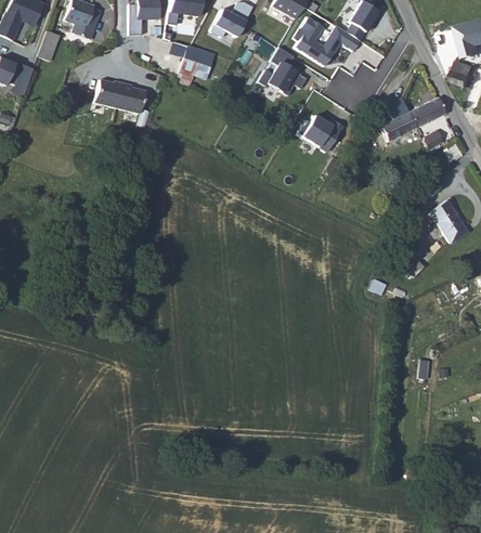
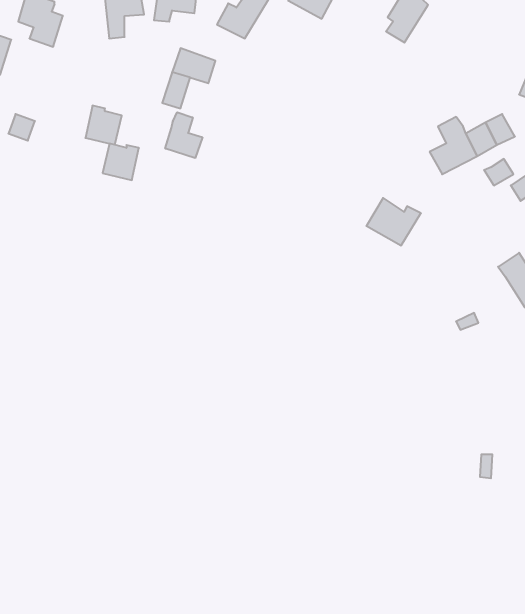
building: [297,14,362,64] -> none
building: [269,58,309,93] -> none
building: [92,84,120,113] -> [103,144,139,180]
building: none -> [165,112,202,158]
building: [303,113,346,150] -> [366,198,421,245]

